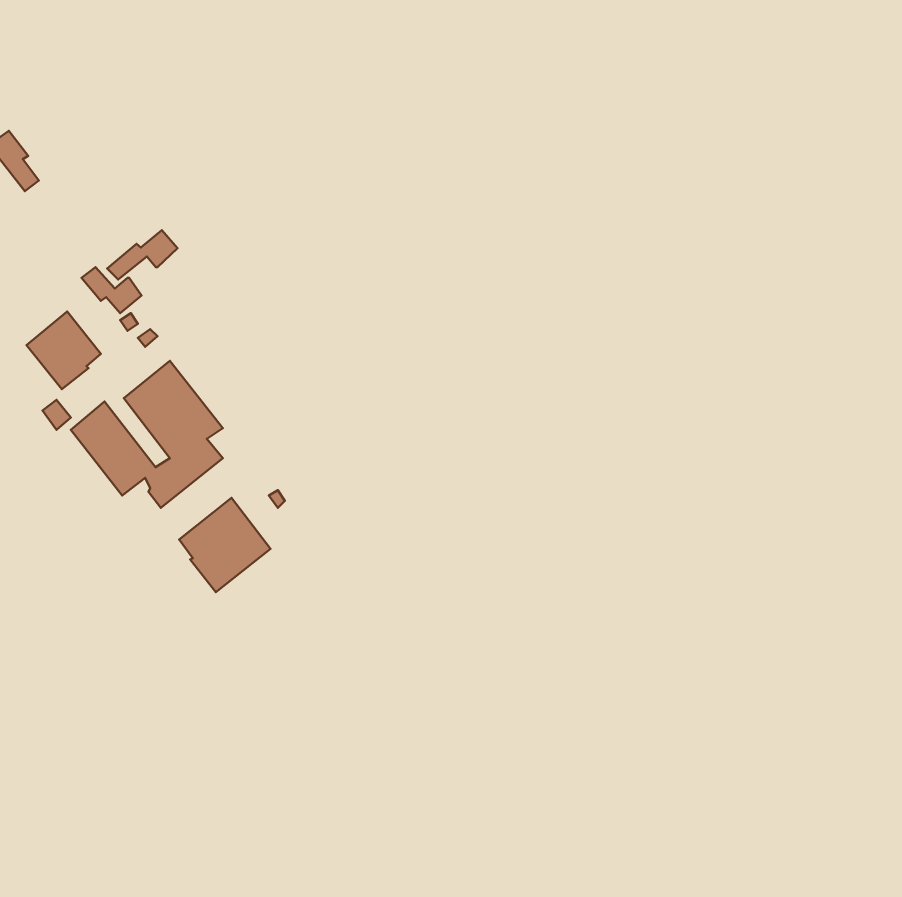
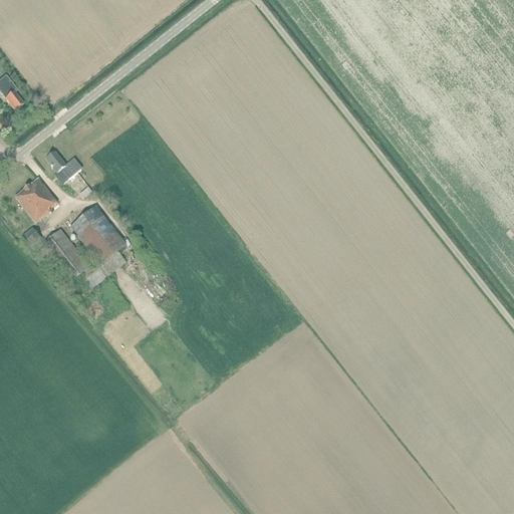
building: [107,230,177,279] -> none
building: [179,498,270,592] -> none

